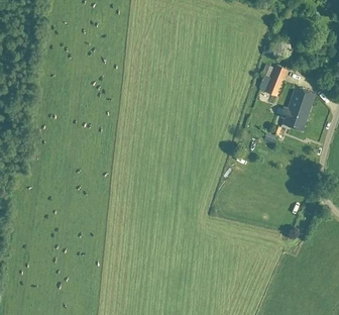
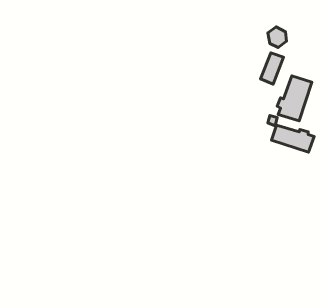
building: none -> [272,125,314,152]

